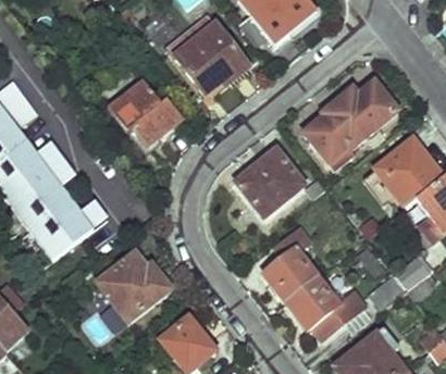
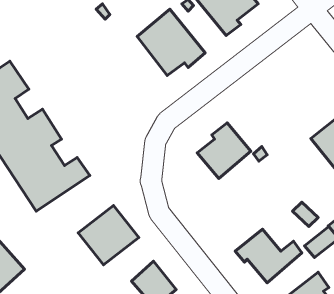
building: [109,80,183,135] -> none
building: [303,83,397,162] -> none
building: [265,229,318,303] -> none

